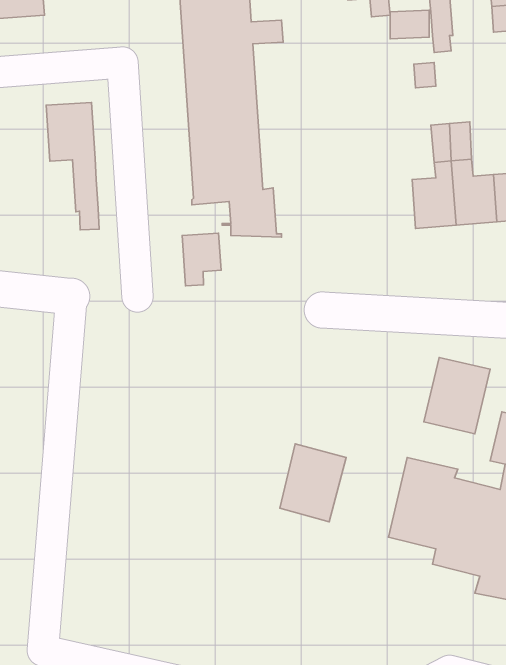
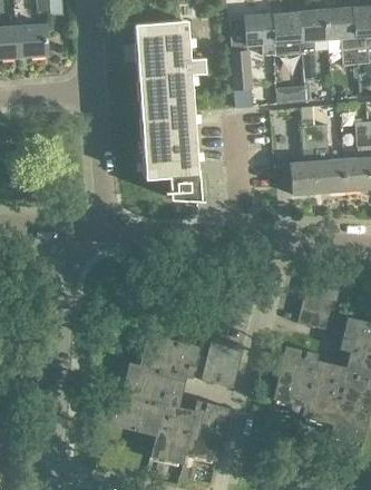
building: none -> [231,50,253,107]
building: [46,103,99,230] -> none
building: [182,233,221,286] -> none
building: none -> [105,332,231,463]

